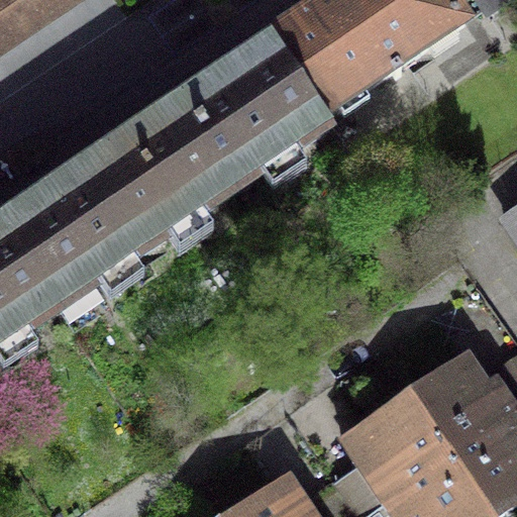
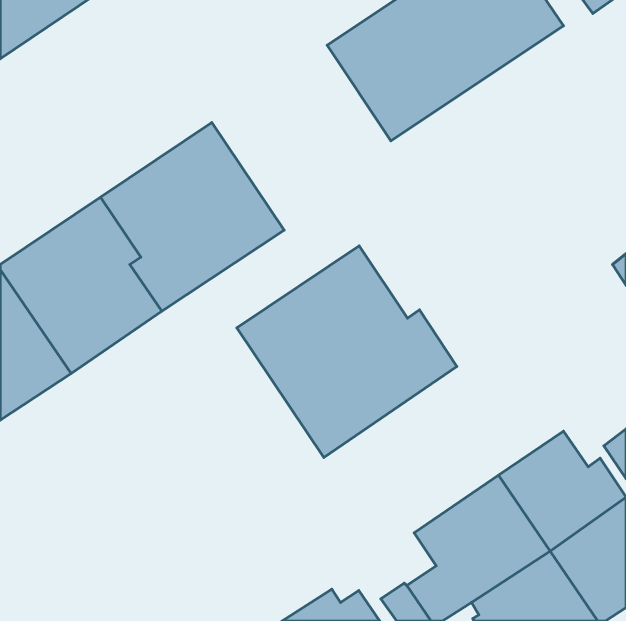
building: [175,37,329,190] -> none
building: none -> [237,246,457,457]

